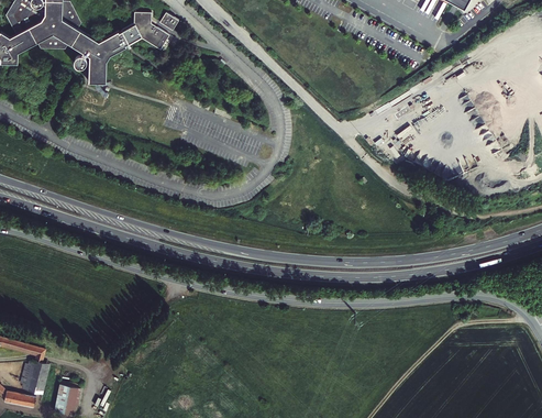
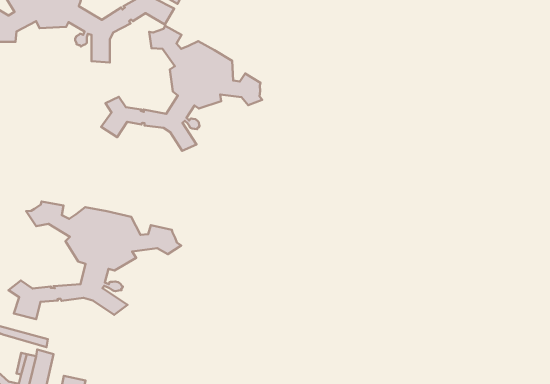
building: none -> [101,26,262,151]
building: none -> [8,201,181,319]

